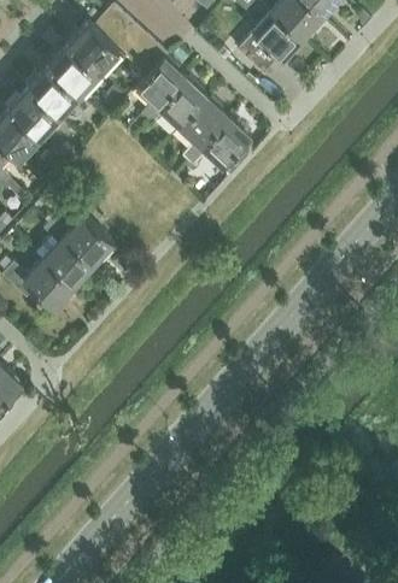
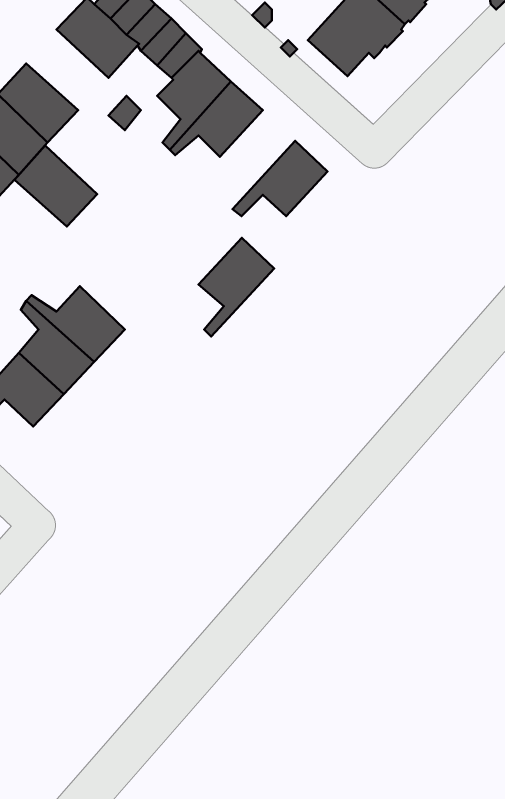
building: [47,43,103,98] -> [15,146,97,226]
building: [177,98,228,164] -> [199,238,274,337]

